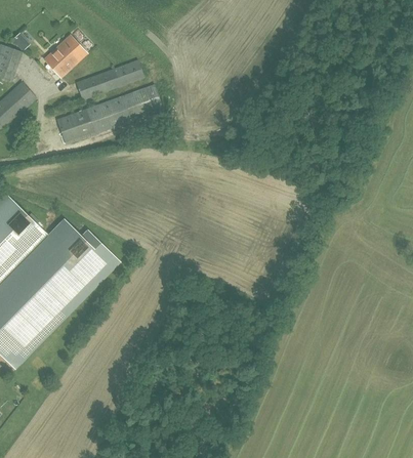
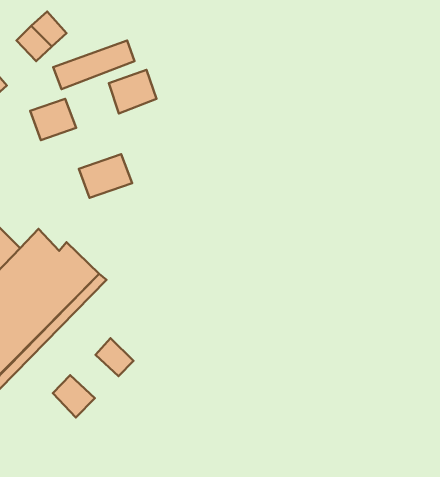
building: [85,96,130,133] -> [79,154,132,198]
building: none -> [95,338,134,376]
building: none -> [53,375,95,418]

